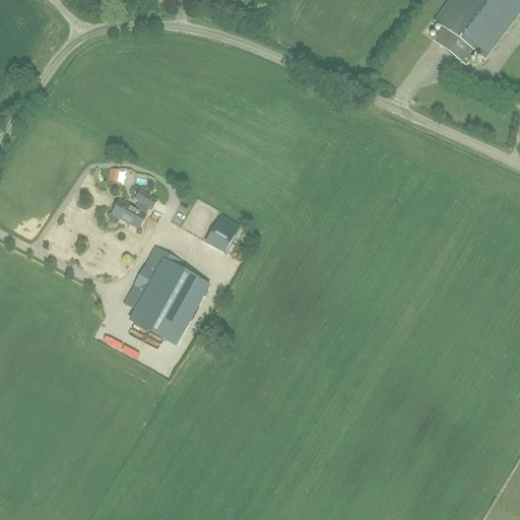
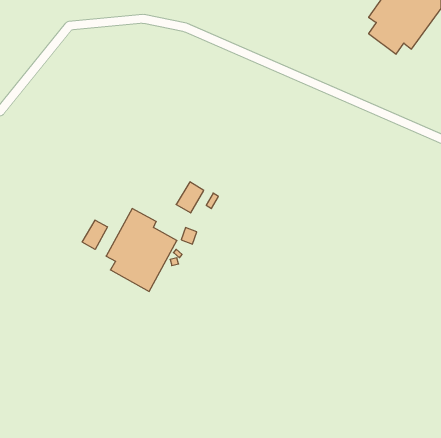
building: [113,189,157,228] -> none
building: none -> [82,220,107,249]

